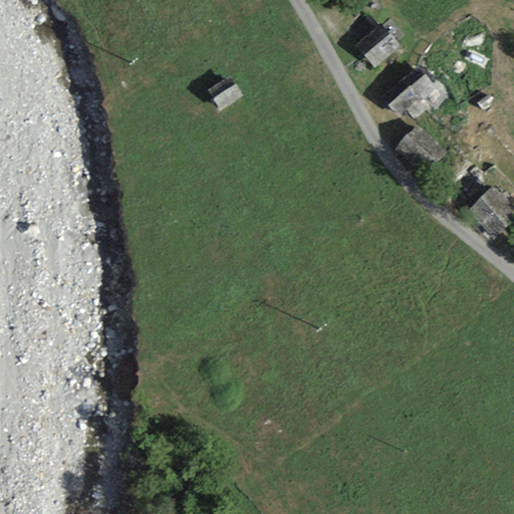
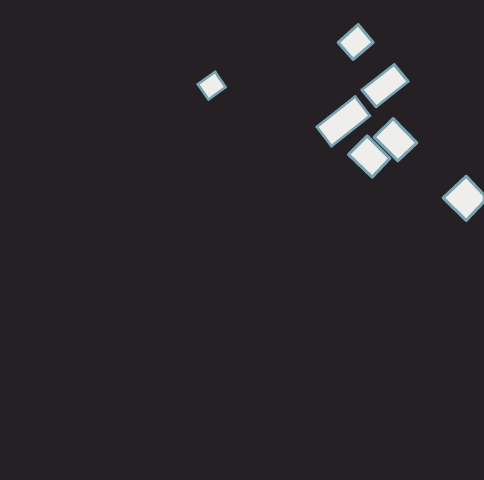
building: none -> [317,96,370,146]
building: none -> [348,136,390,177]

